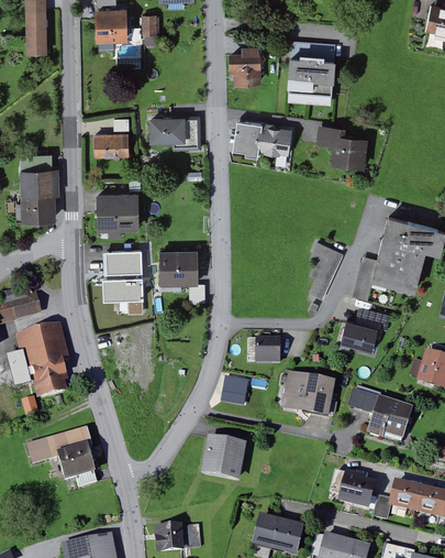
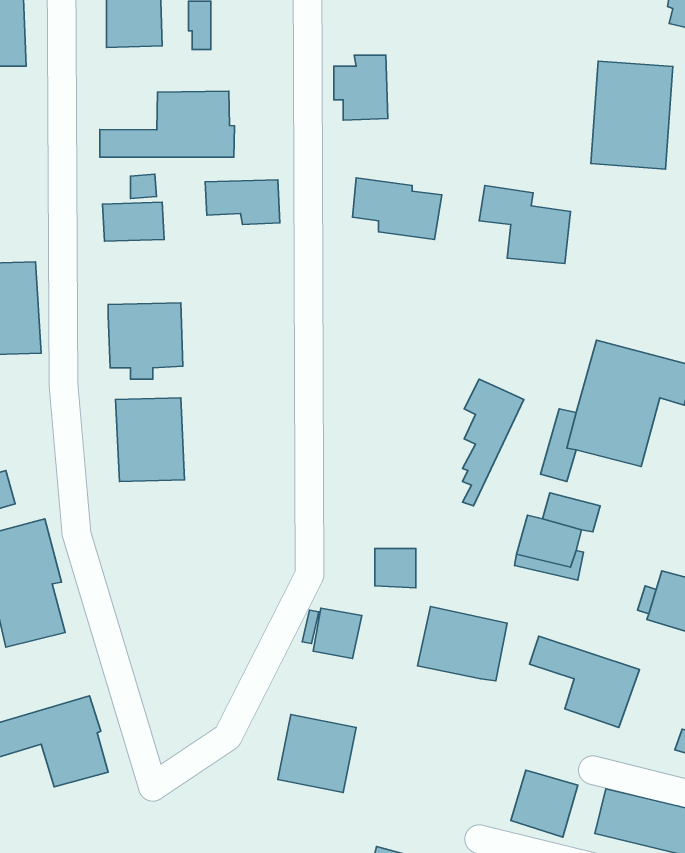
building: [287,39,335,102] -> [591,61,673,169]
building: none -> [100,91,235,157]
building: [162,245,201,282] -> none

